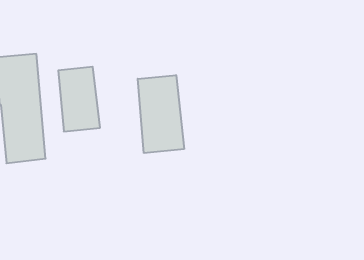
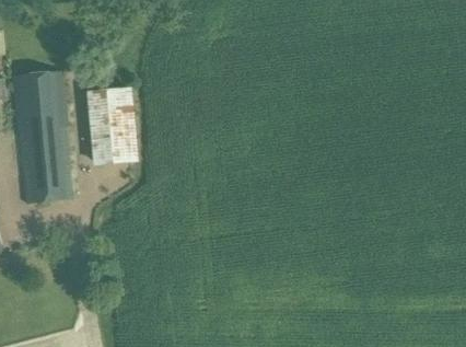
building: [138,75,184,153] -> none

